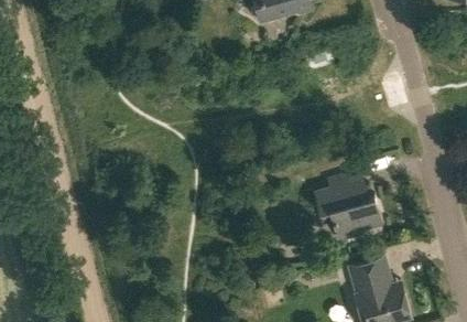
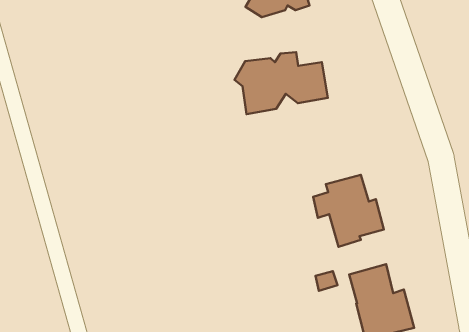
building: none -> [234,52,328,114]

